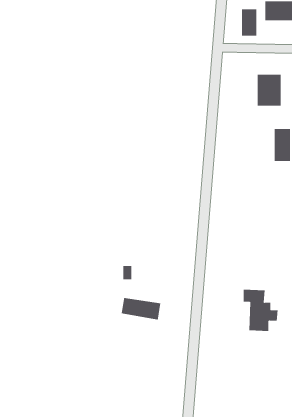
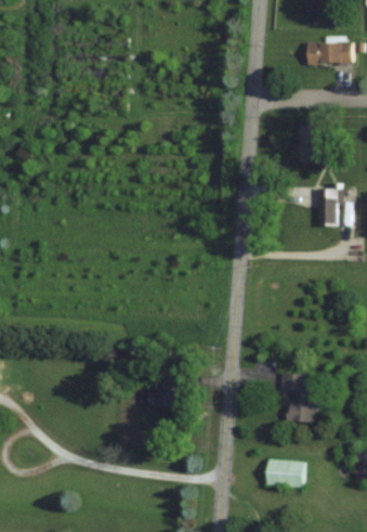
building: [242,8,257,36] -> none
building: none -> [267,462,304,489]

